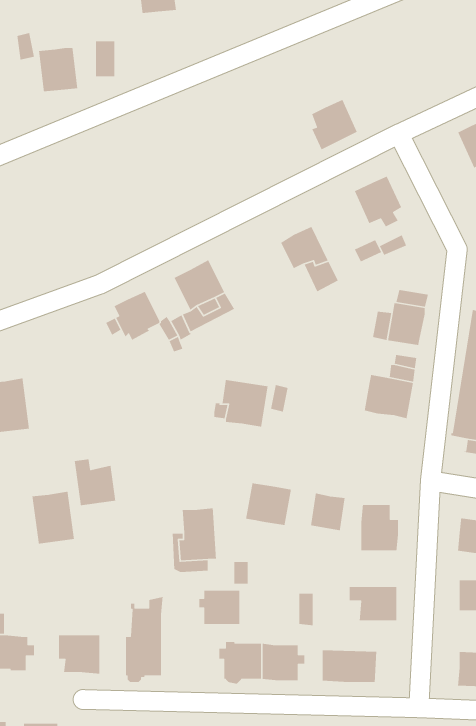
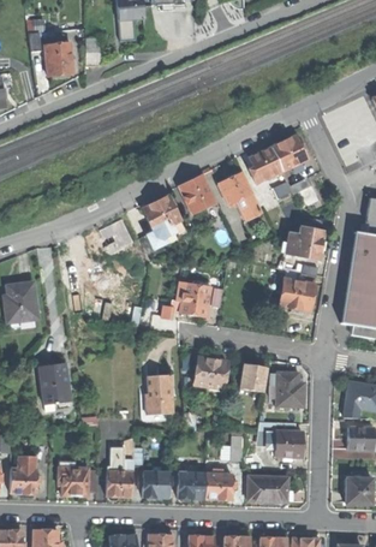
building: [311,99,358,150] -> [249,147,282,184]
building: none -> [178,173,219,214]
building: [74,458,116,506] -> none
building: [198,590,240,625] -> [139,472,169,498]

